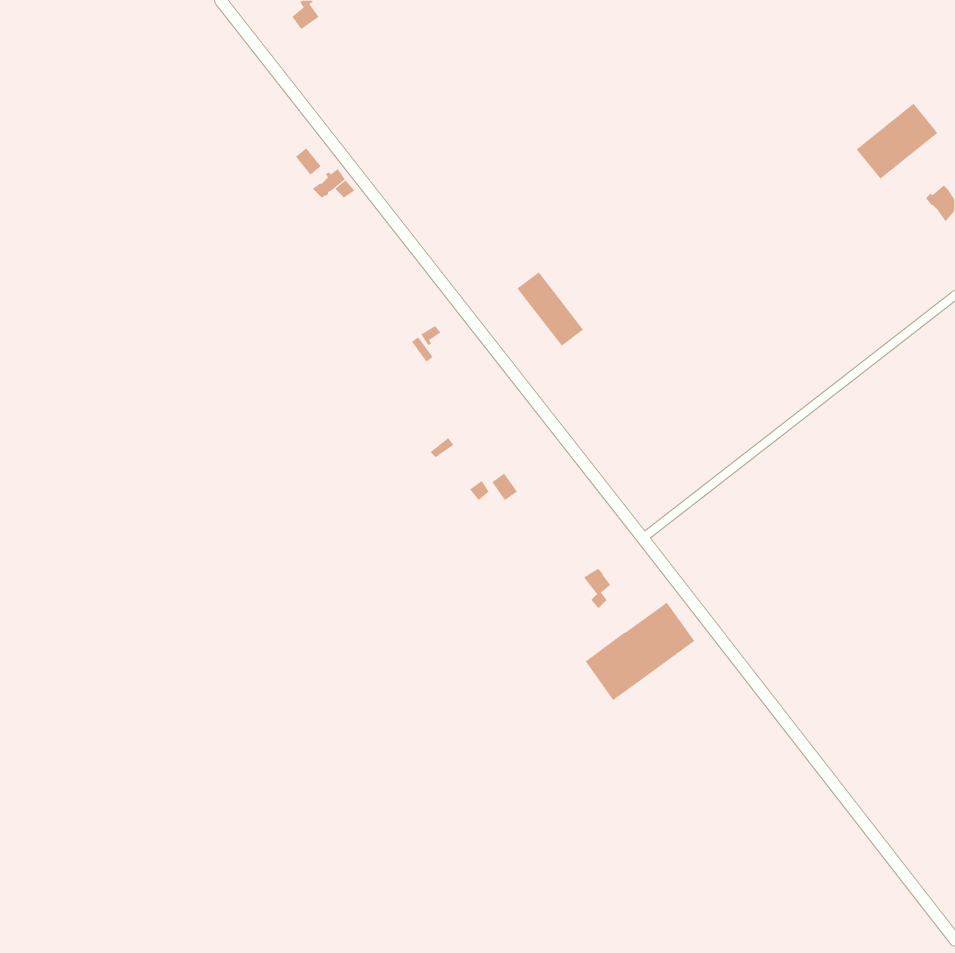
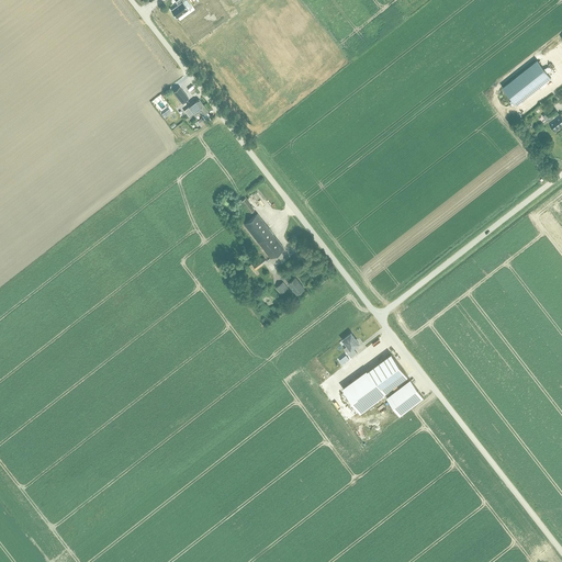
building: [517,272,584,346] -> [244,215,283,259]
building: none -> [386,381,424,416]

